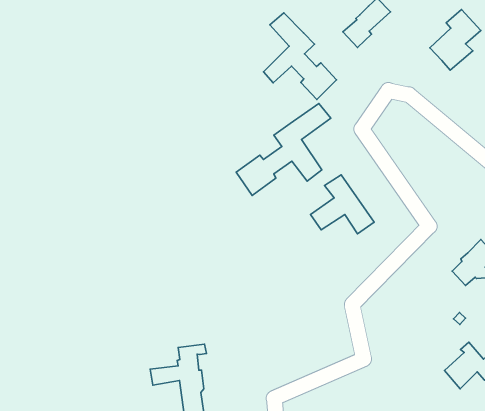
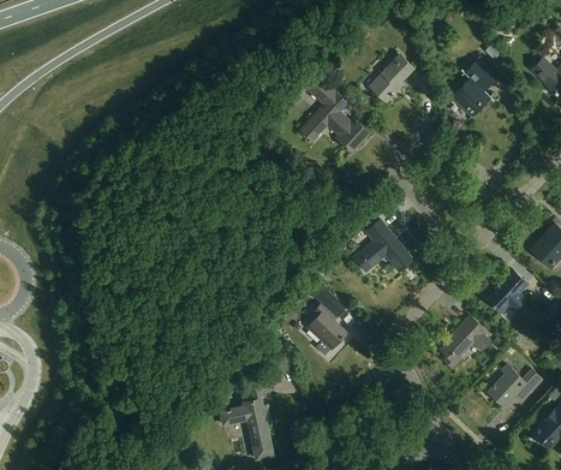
building: [236,104,331,195] -> none
building: none -> [308,302,346,353]
building: none -> [441,315,491,368]

